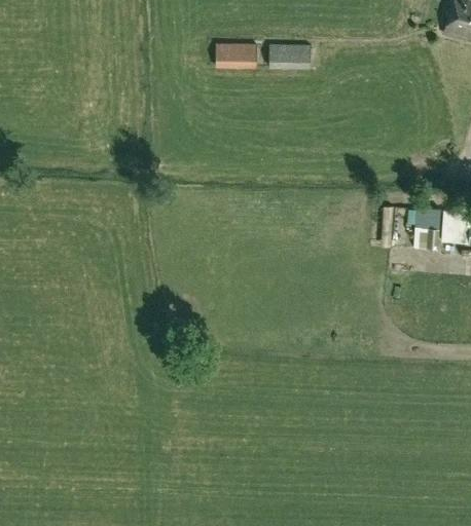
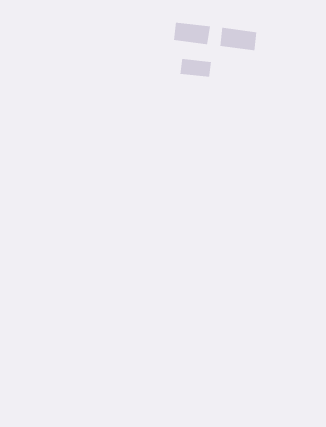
building: none -> [180,58,212,78]

